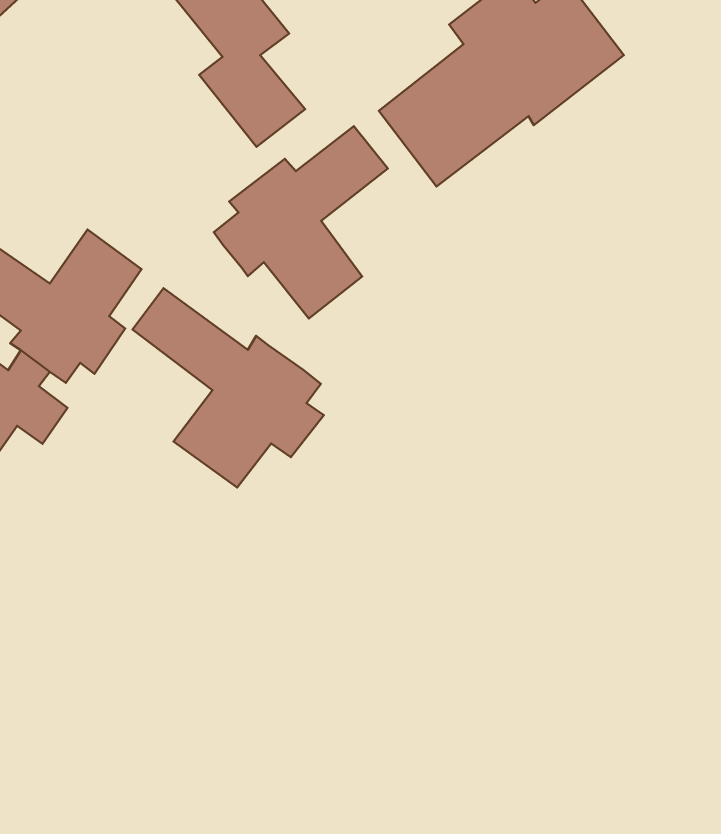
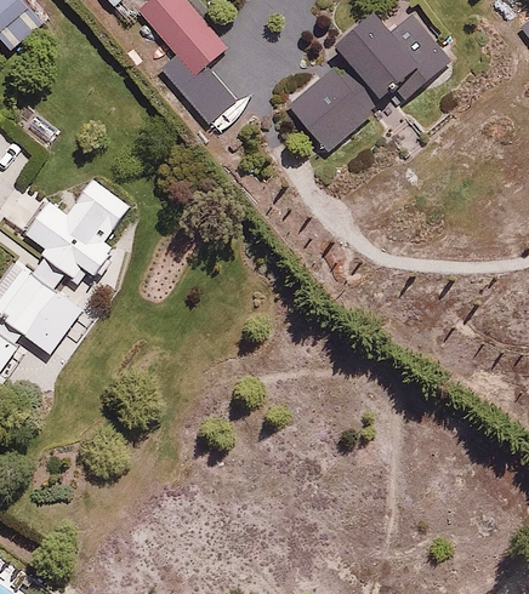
building: [214,126,388,319] -> none
building: [132,288,324,488] -> none

